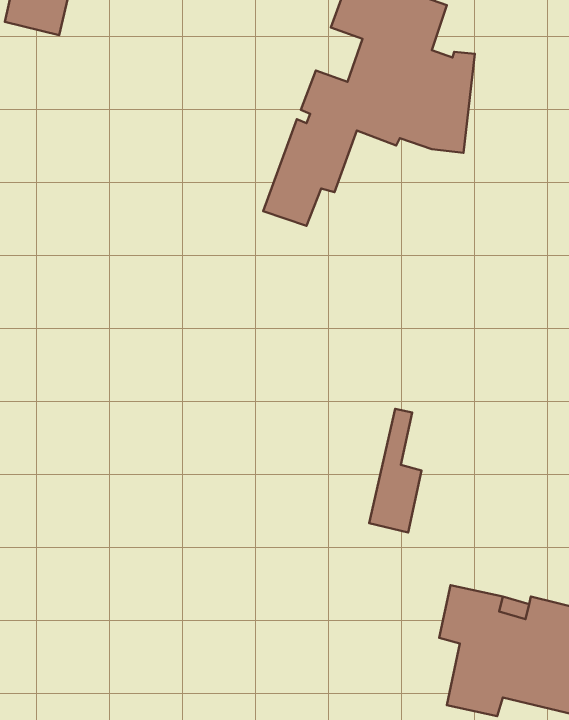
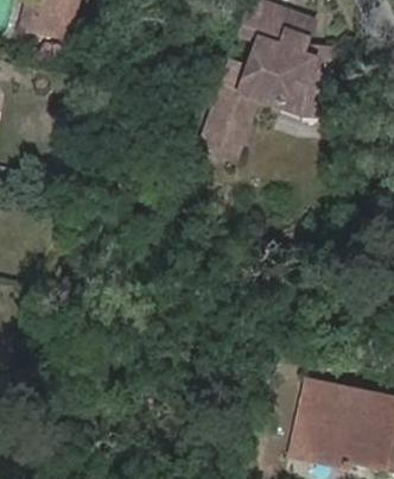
building: [369,409,421,532] -> [288,383,322,461]

